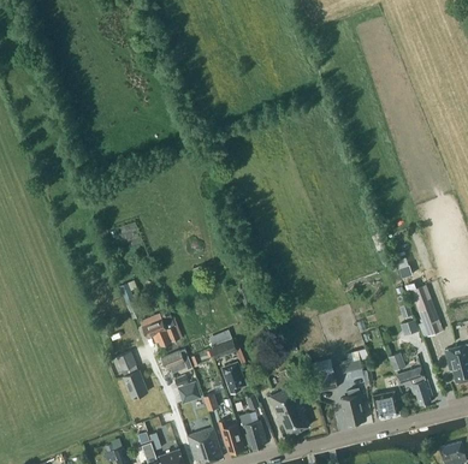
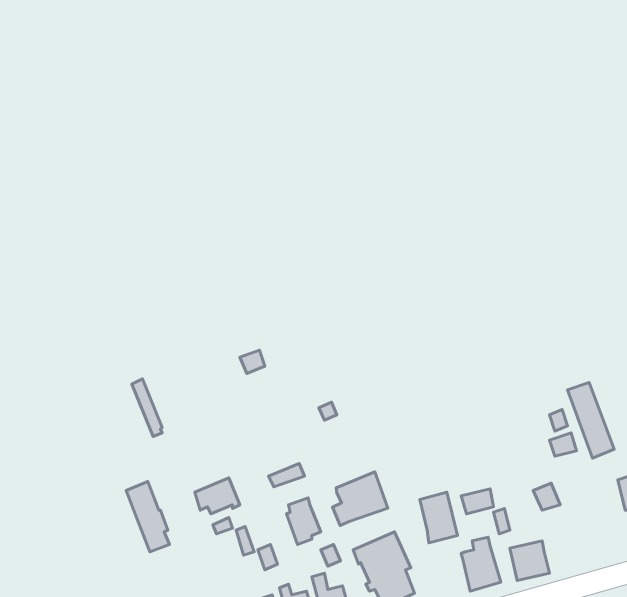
building: [141,313,180,346] -> none
building: none -> [332,472,388,526]
building: [396,367,433,405] -> none

